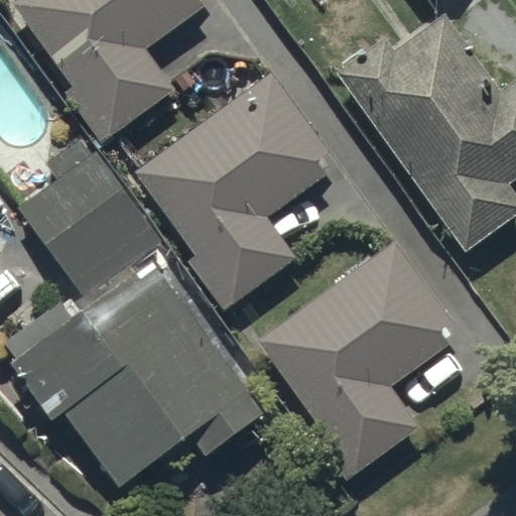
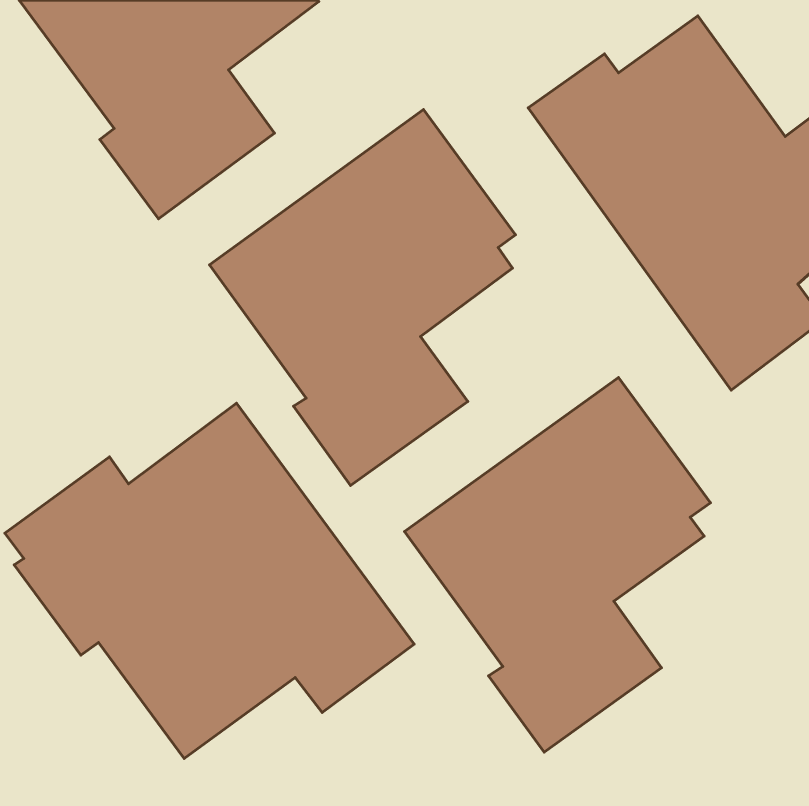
building: [18,139,162,297] -> none

